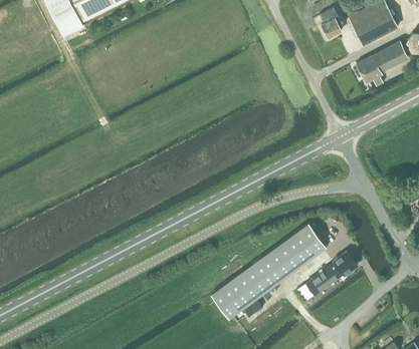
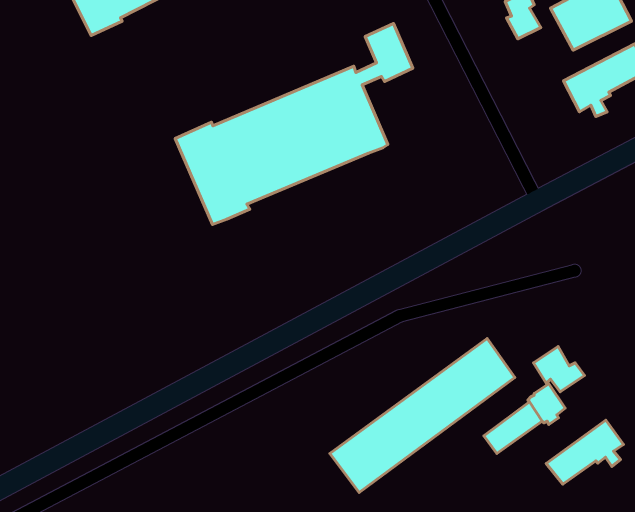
building: none -> [175,23,413,224]
building: none -> [534,346,585,392]
building: none -> [546,420,624,484]

